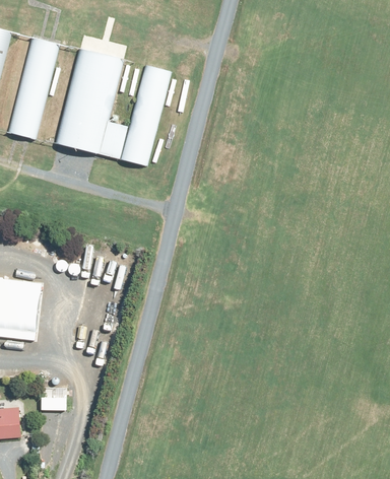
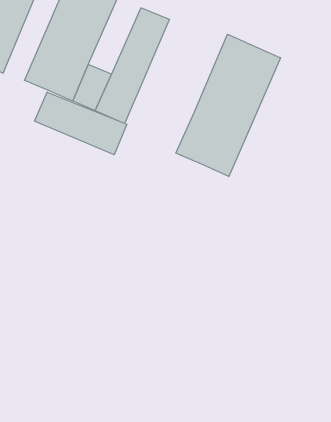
building: none -> [176,34,281,177]
building: none -> [34,92,127,155]

